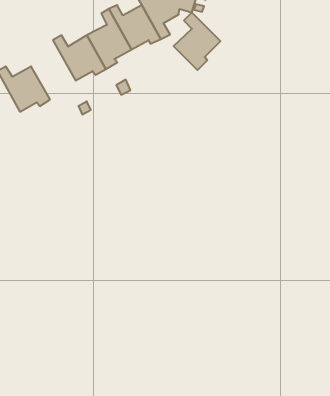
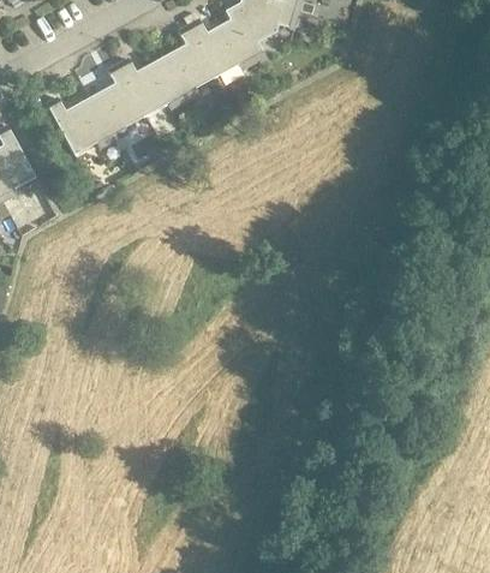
building: [174,13,220,70] -> none
building: none -> [86,62,143,138]

